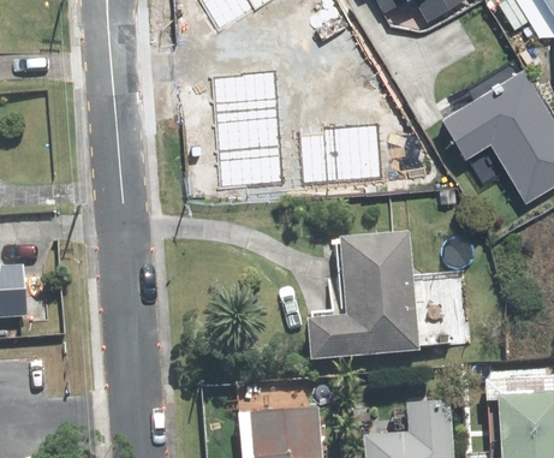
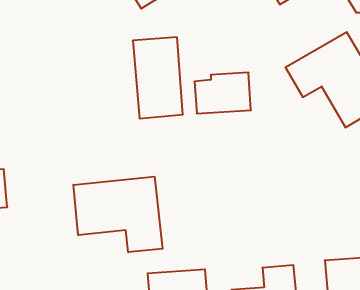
building: [302,231,419,363] -> none
building: none -> [73,177,163,252]

